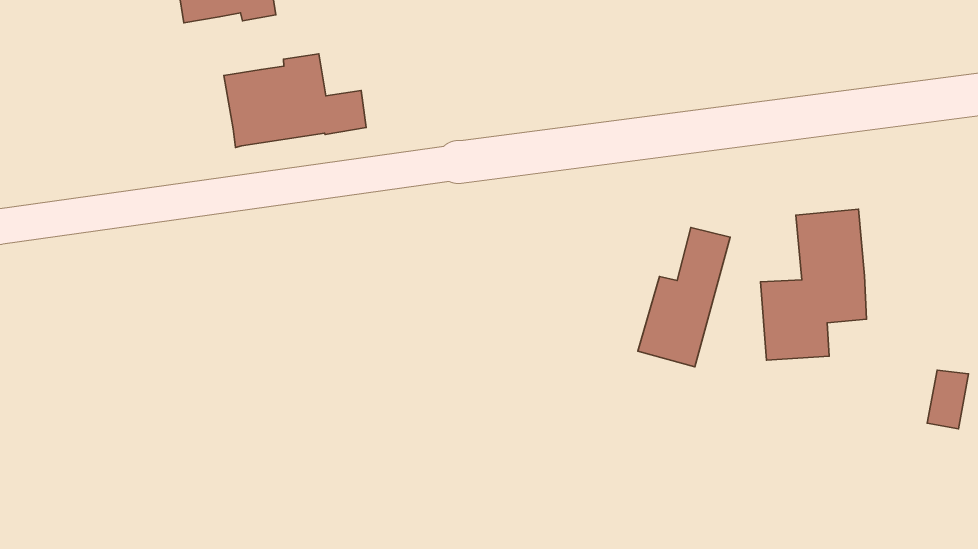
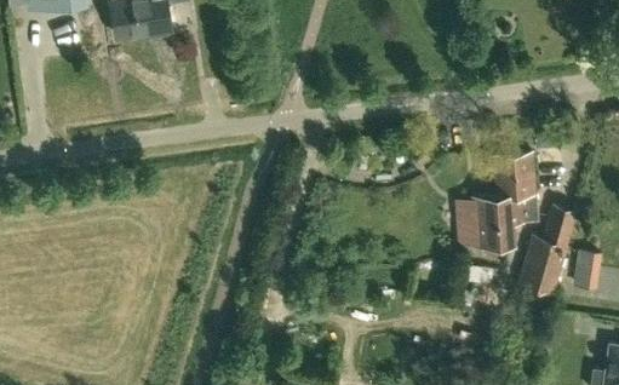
building: [224,54,366,148] -> none
building: [638,227,730,367] -> [518,208,575,294]

